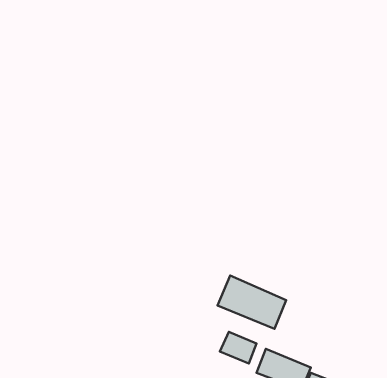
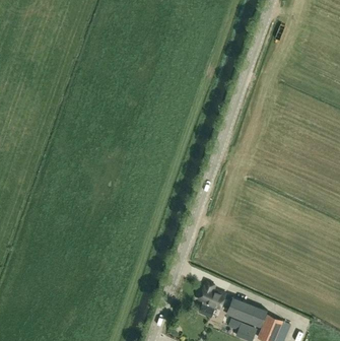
building: [217,276,286,329] -> none

